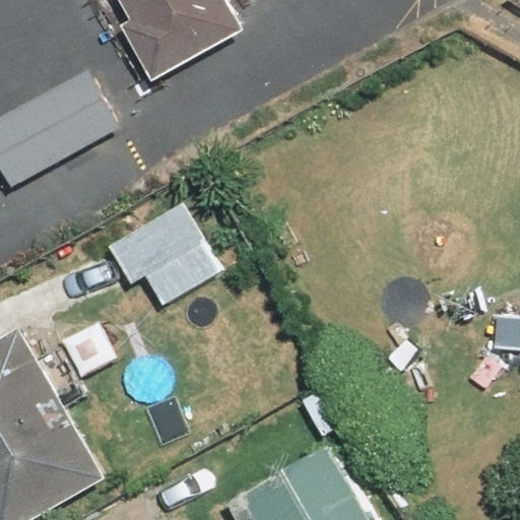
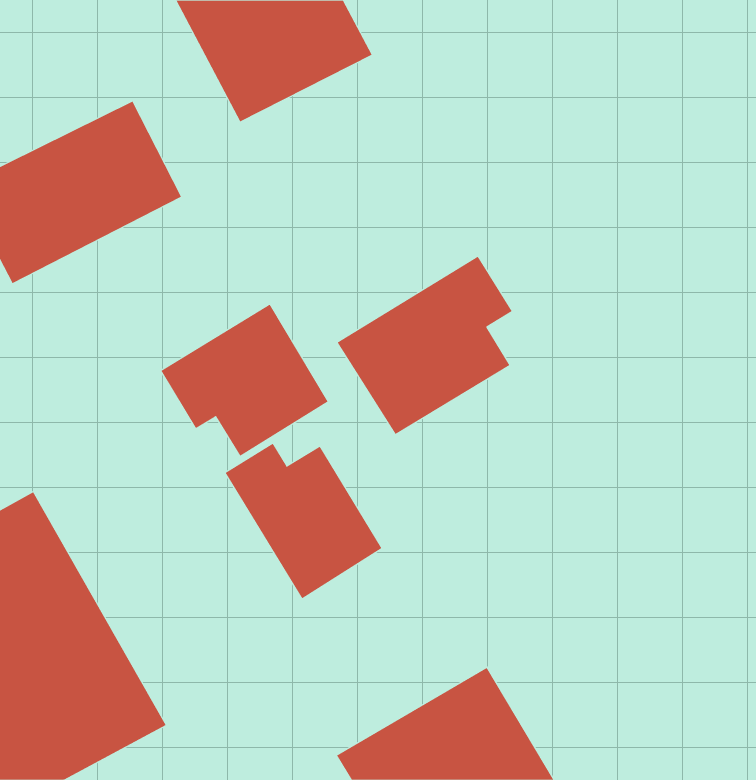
building: none -> [337,256,512,435]
building: none -> [225,443,382,599]

